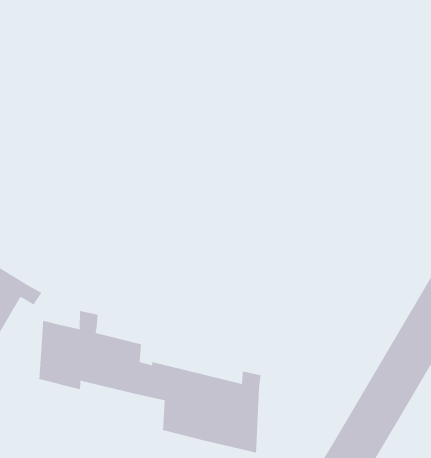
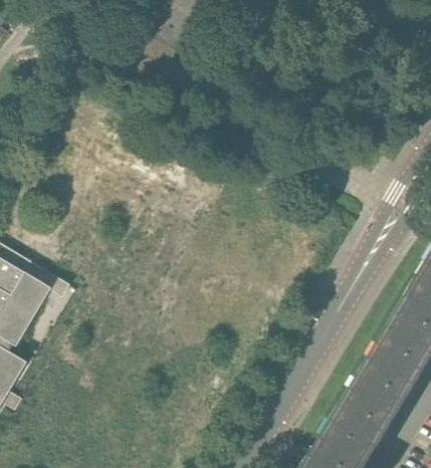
building: [39,310,262,453] -> none

